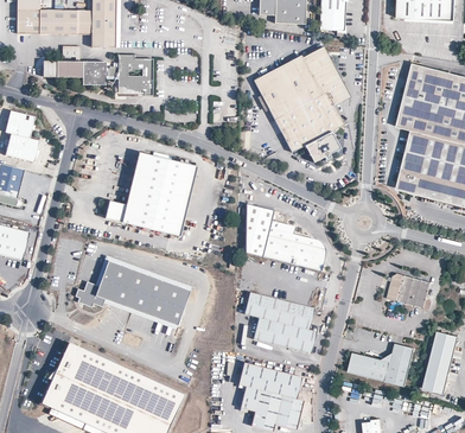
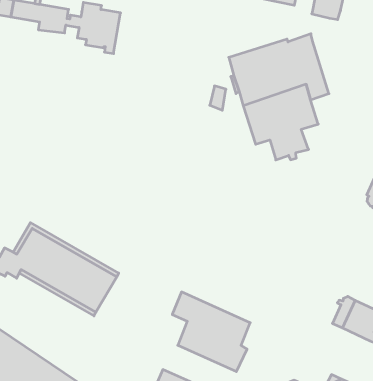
building: [104,152,197,236] -> none
building: [244,205,323,272] -> none

